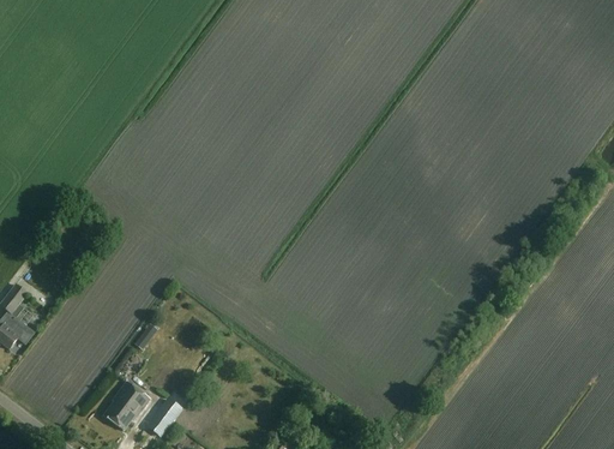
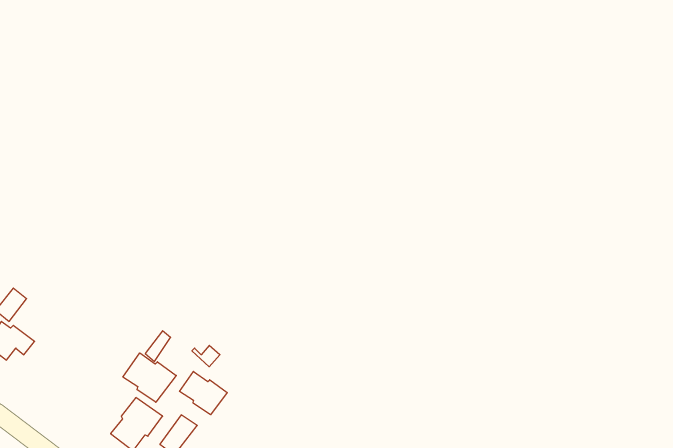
building: none -> [123,353,176,402]
building: none -> [180,371,227,415]

